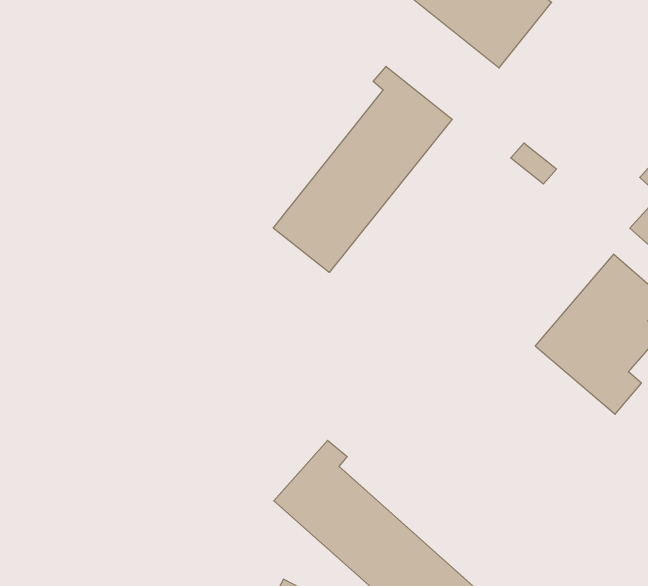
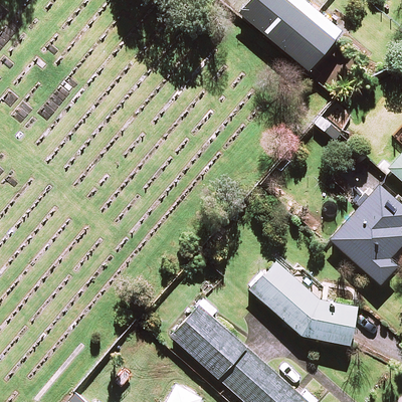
building: [273,66,452,272] -> none
building: none -> [250,261,355,343]

